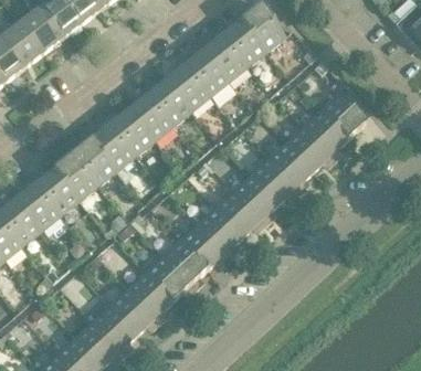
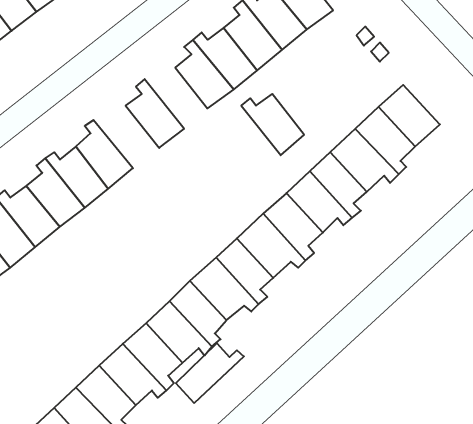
building: [144,80,191,126] -> [241,94,304,155]
building: [105,108,155,156] -> none
building: none -> [176,343,244,403]

